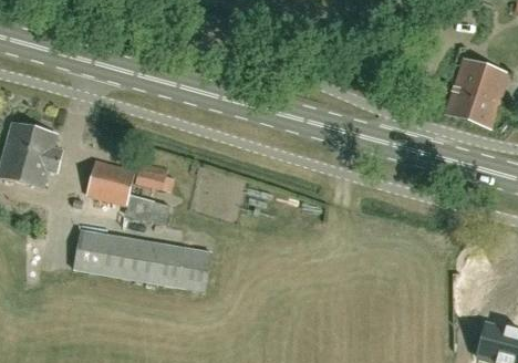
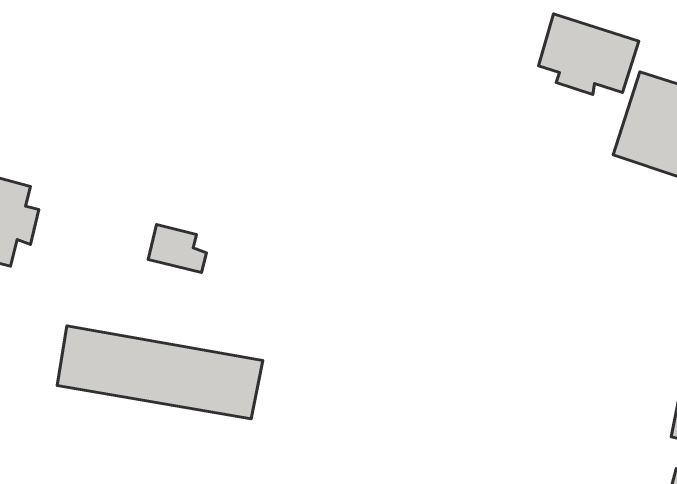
building: none -> [538,14,639,95]
building: [85,160,168,224] -> none

